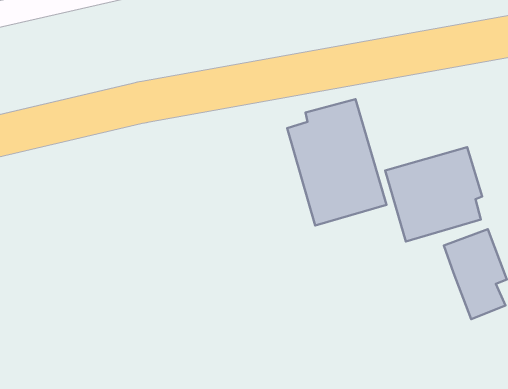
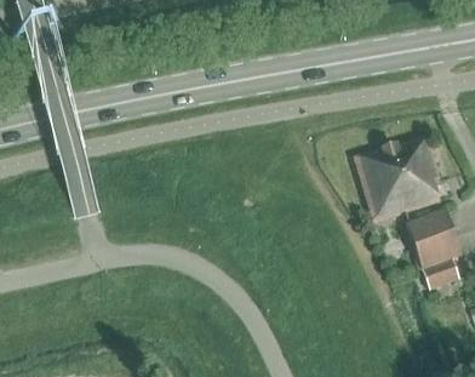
building: [287,99,387,225] -> none

